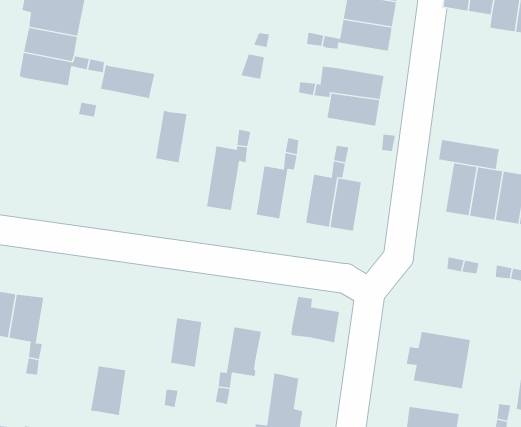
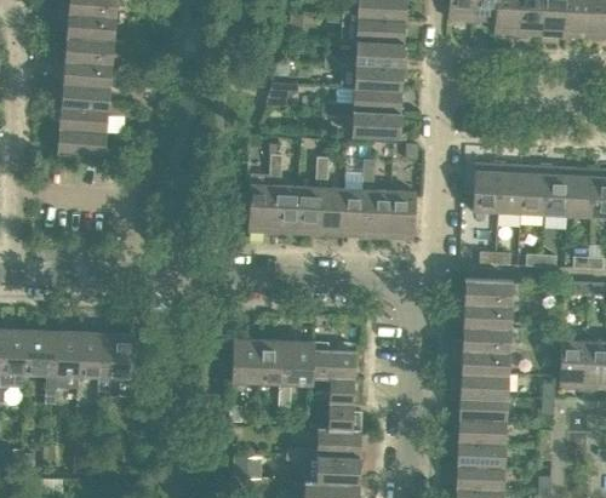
building: none -> [342,64,402,90]
building: [100,64,155,99] -> [57,130,107,158]
building: [155,109,188,163] -> [273,185,298,234]
building: [438,139,500,170] -> none
building: none -> [319,188,345,236]
building: none -> [389,191,416,240]
building: none -> [454,279,511,327]
building: [291,296,340,343] -> [311,342,355,382]
building: none -> [256,339,287,384]
building: [90,365,126,416] -> [104,333,133,378]
building: none -> [459,372,508,397]

